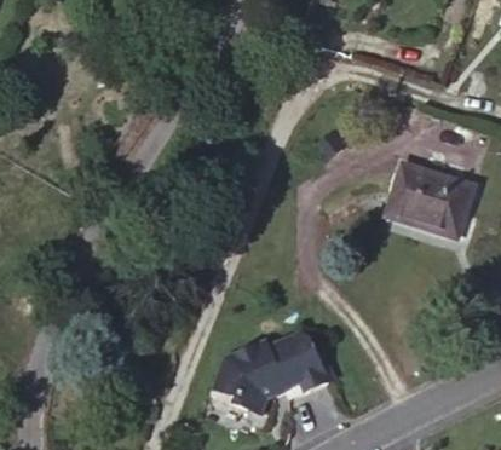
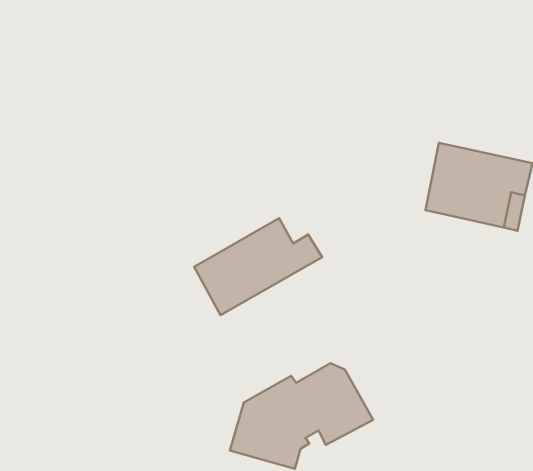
building: none -> [194,218,322,315]

